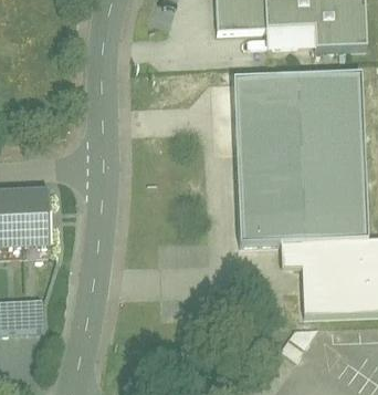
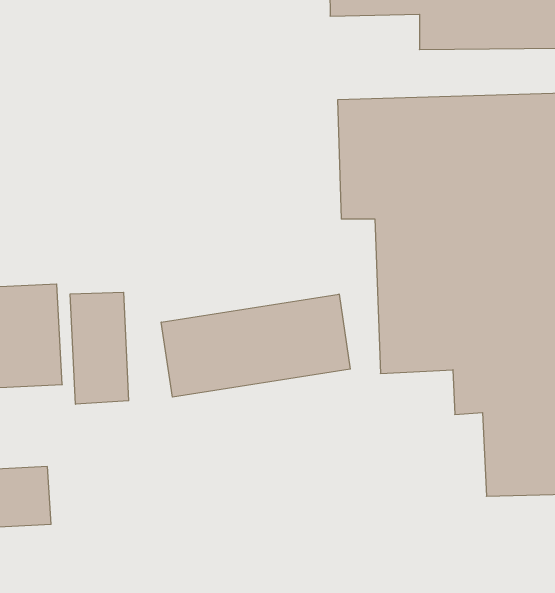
building: none -> [70,292,129,404]
building: none -> [161,294,350,397]

